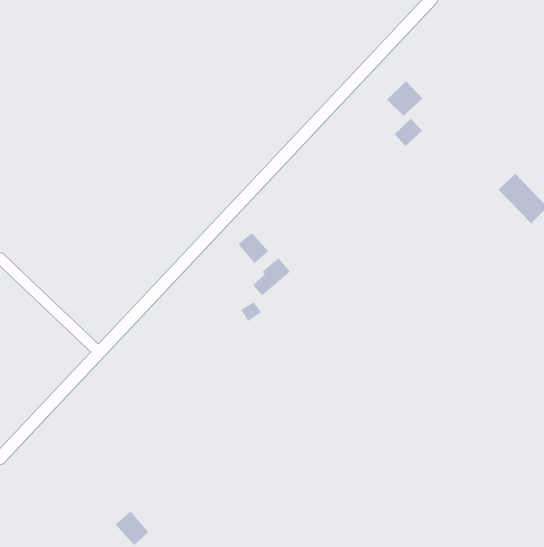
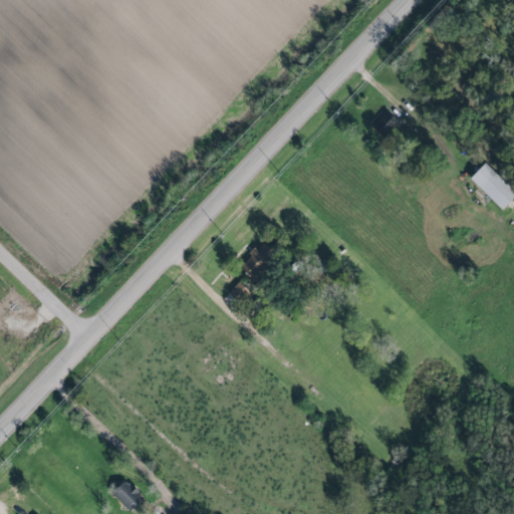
building: [386,80,423,117] -> none
building: [238,232,269,264] -> none

